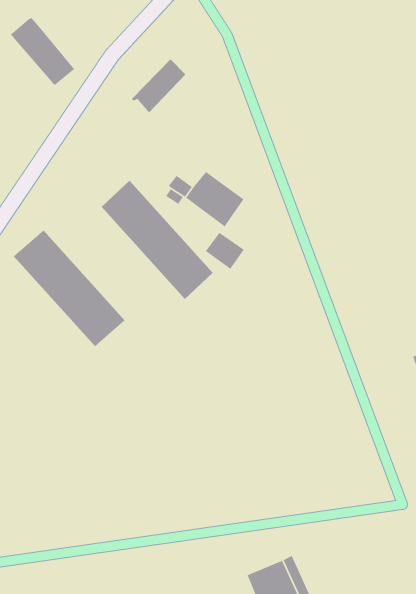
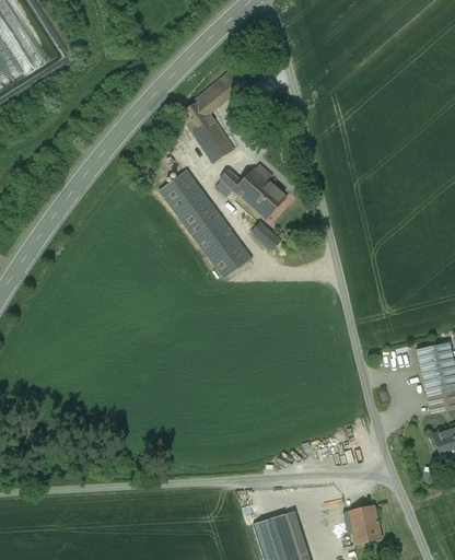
building: [10,17,75,86] -> [180,100,234,162]
building: [13,230,126,347] -> none
building: none -> [347,504,382,544]

